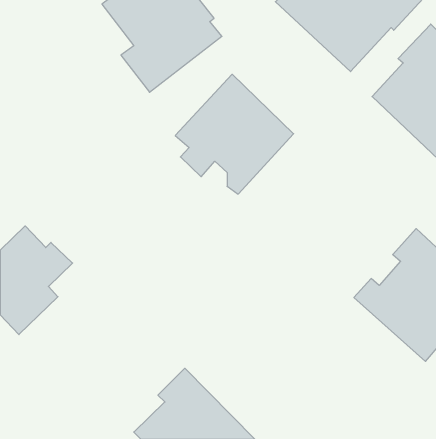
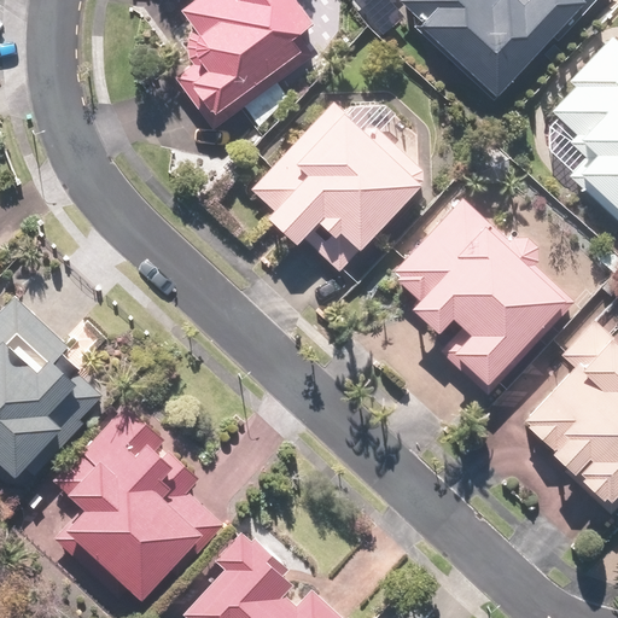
building: none -> [390,203,559,387]
building: none -> [65,393,234,596]

